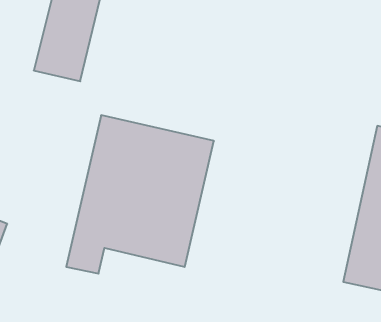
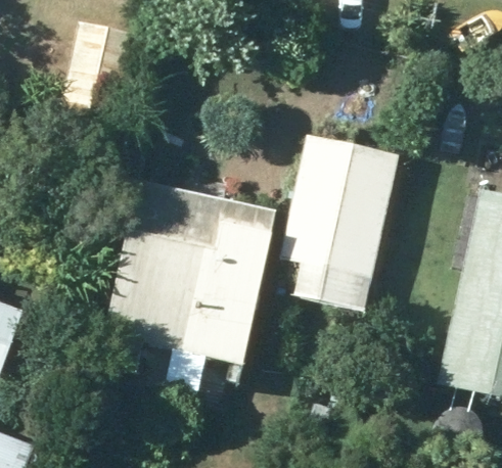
building: none -> [280,135,399,310]

